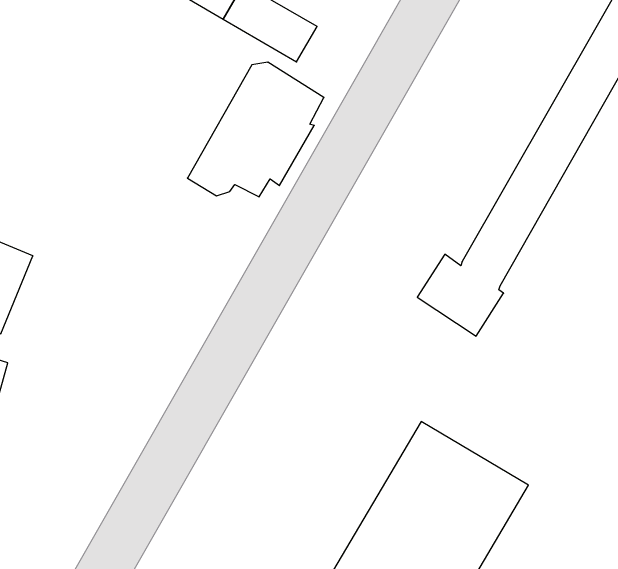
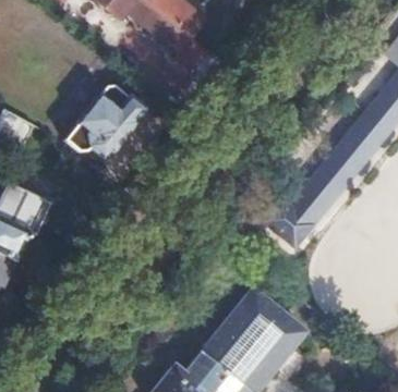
building: [187,62,324,197] -> [67,84,147,156]

